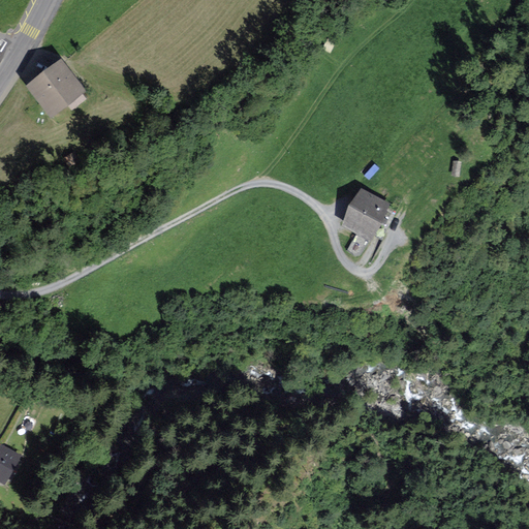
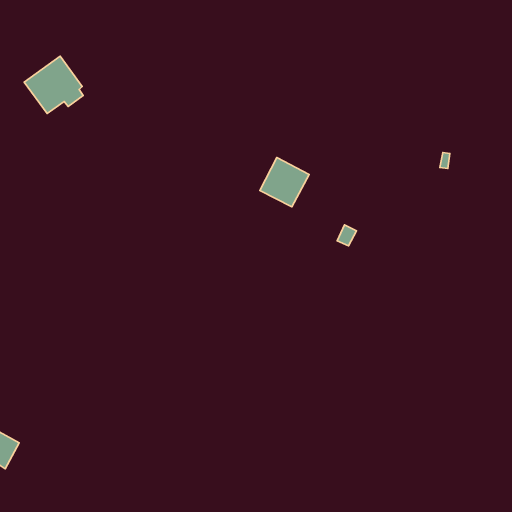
building: [339,186,390,237] -> [260,157,309,207]

